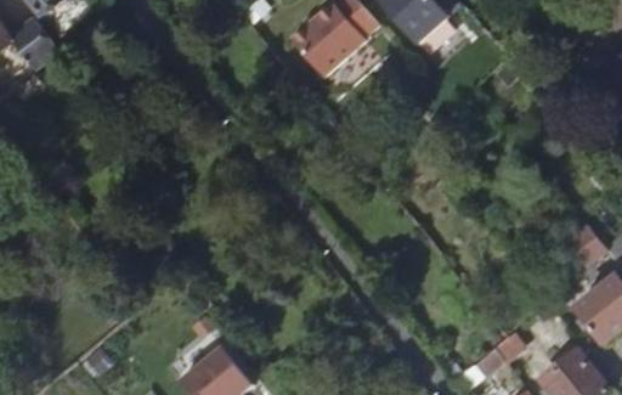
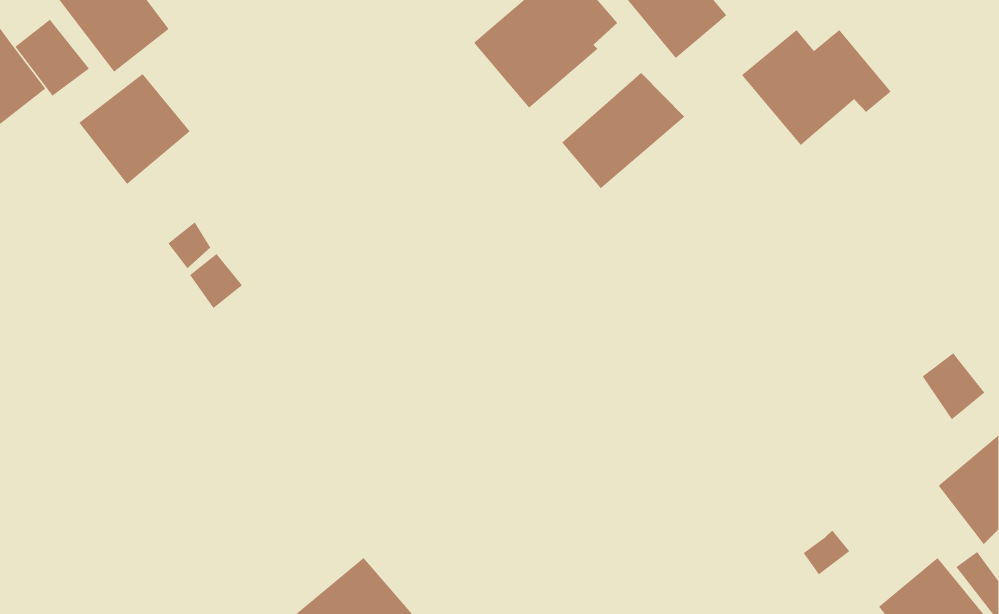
building: none -> [741,29,891,146]
building: none -> [562,72,685,189]
building: none -> [79,73,190,185]

